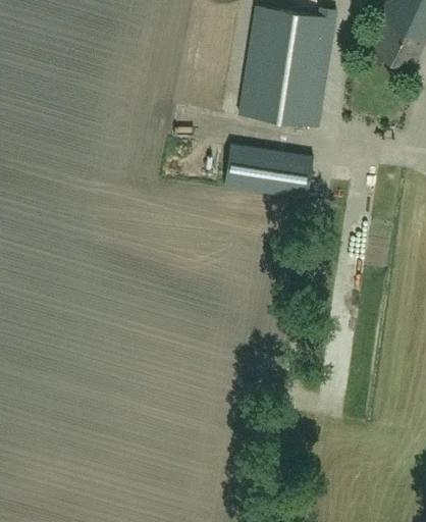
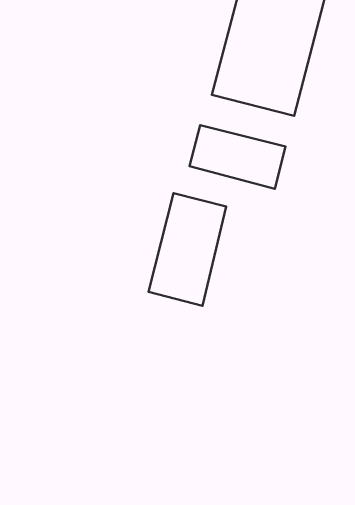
building: none -> [148,193,226,306]

